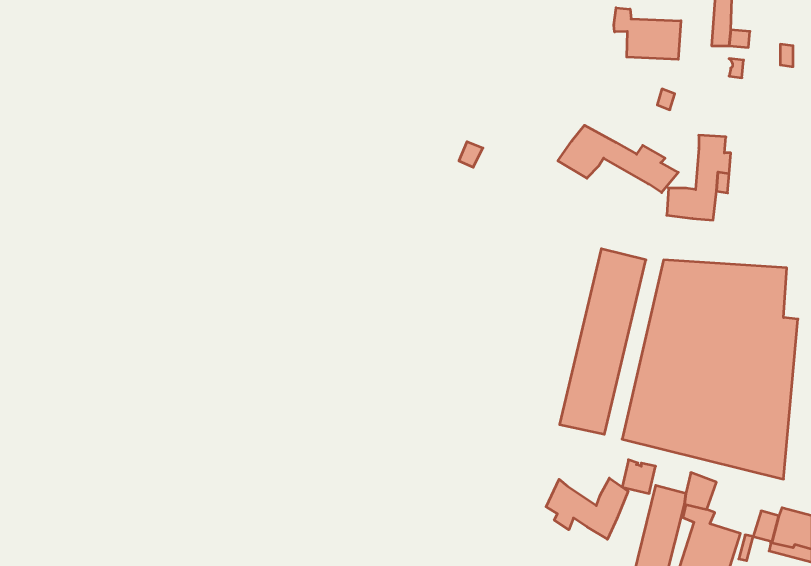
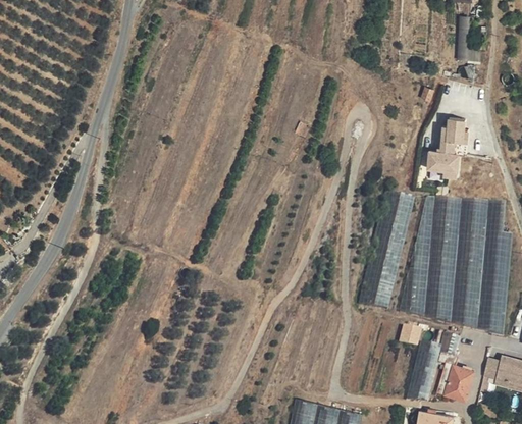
building: [614,8,681,59] -> none
building: [558,125,678,193] -> none
building: [546,478,628,539] -> none

